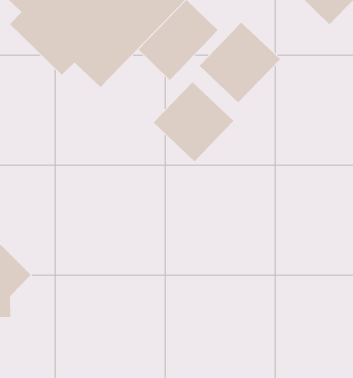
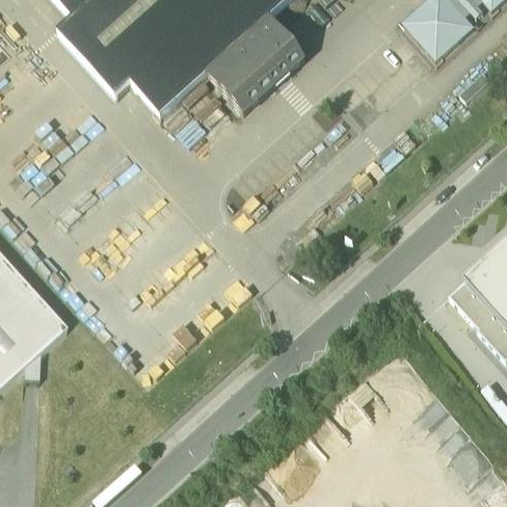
building: [199,22,281,103] -> none
building: [153,82,234,162] -> none

